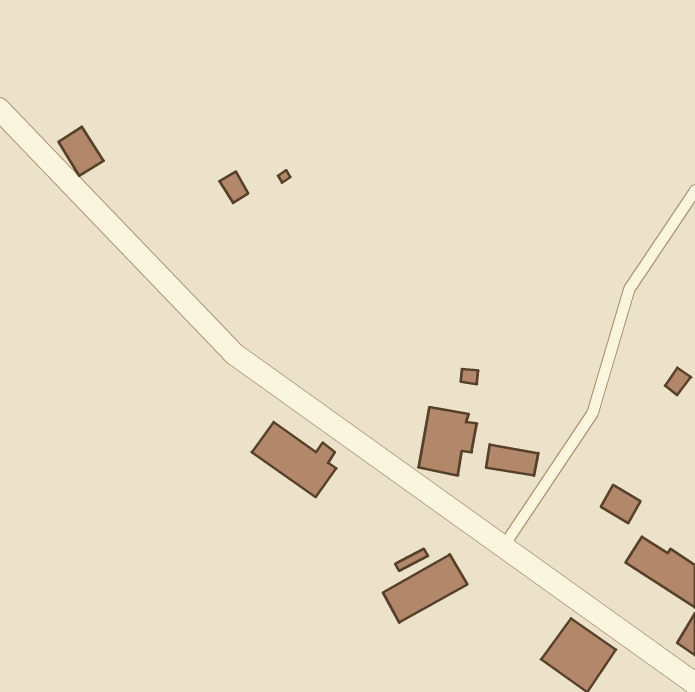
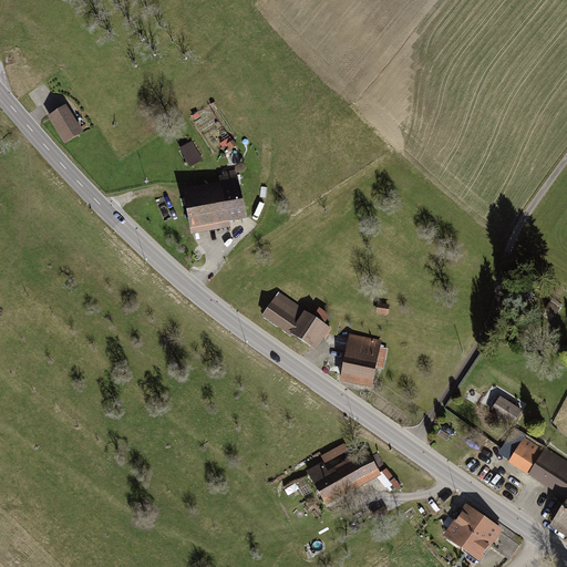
building: none -> [181,169,245,234]
building: [252,422,336,497] -> [261,288,330,349]
building: [486,444,538,476] -> none

